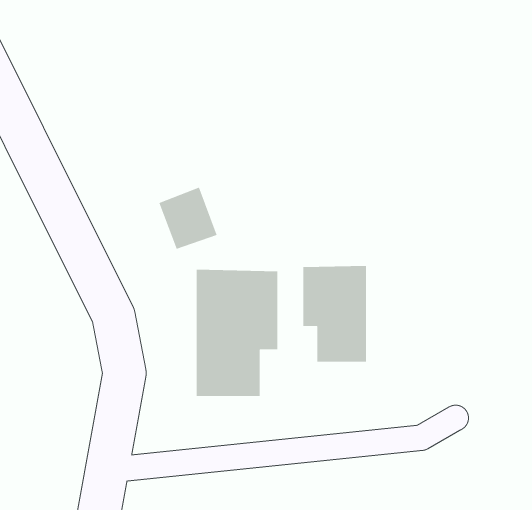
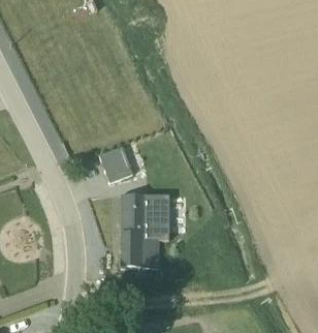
building: [303,265,366,362] -> none

